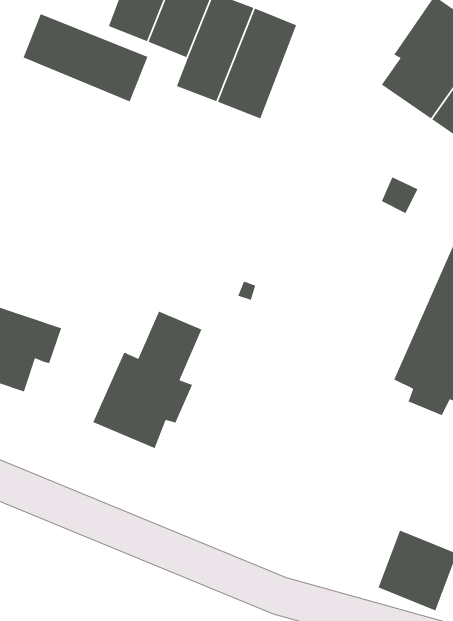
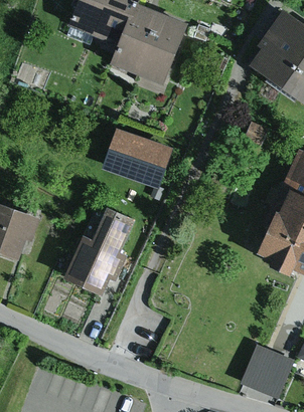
building: [23,13,149,102] -> none
building: none -> [101,128,170,185]

